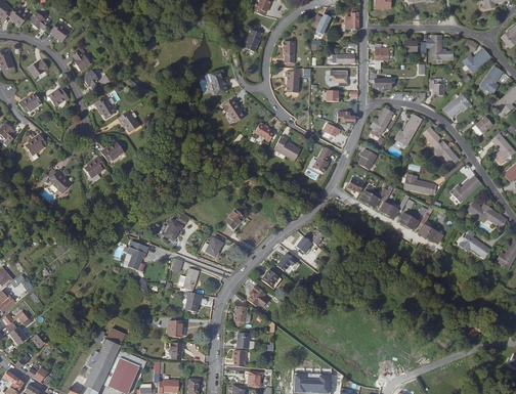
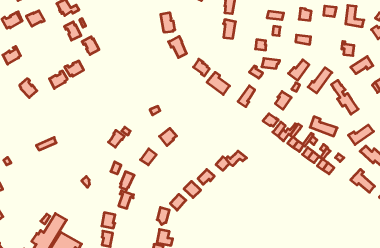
building: [123,239,148,270] -> none

